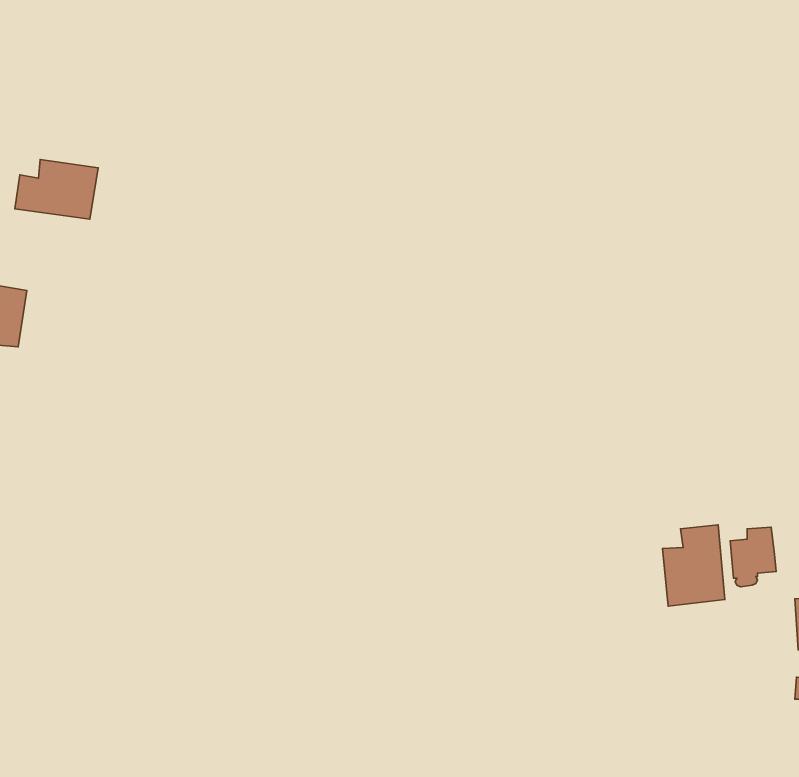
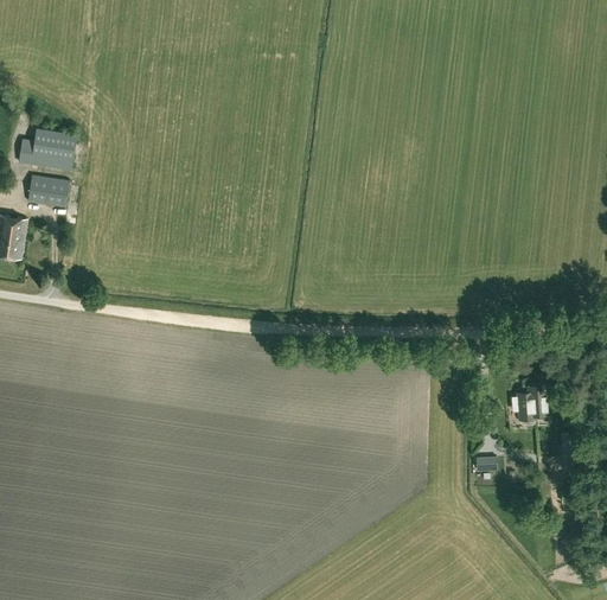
building: none -> [27,175,69,208]
building: [662,525,725,606] -> none

